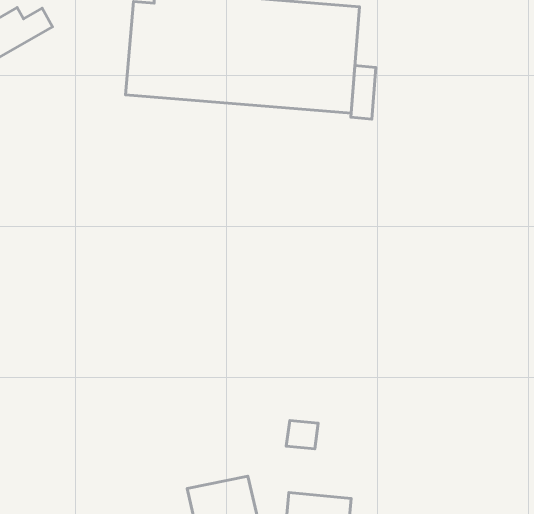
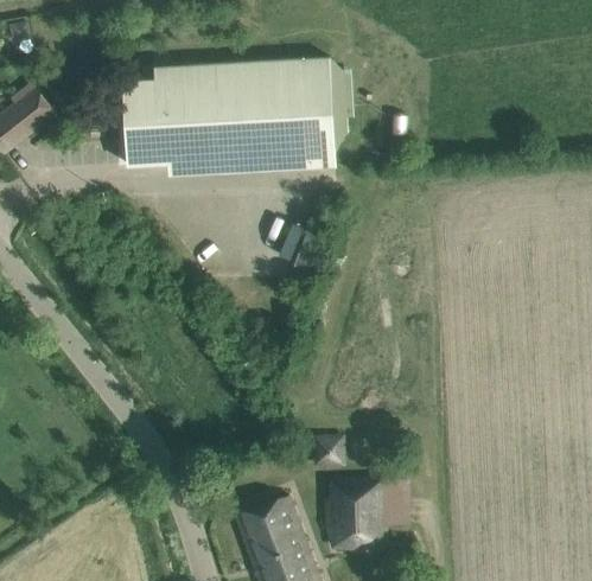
building: [351,66,376,119] -> none
building: none -> [327,480,384,506]

